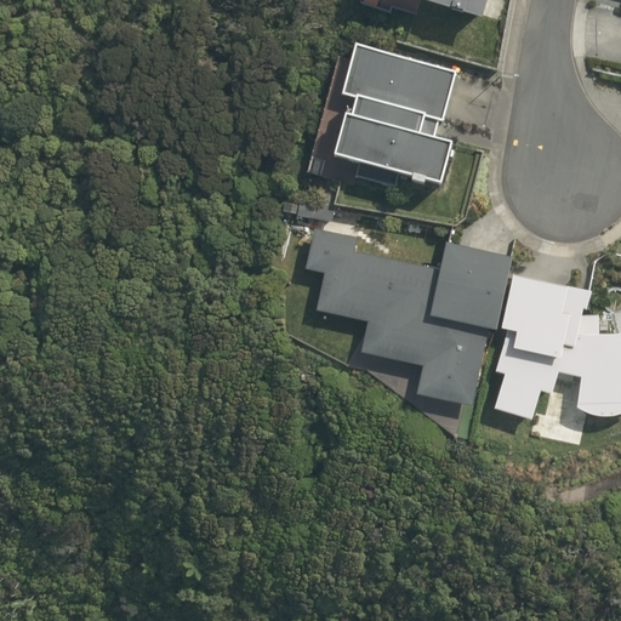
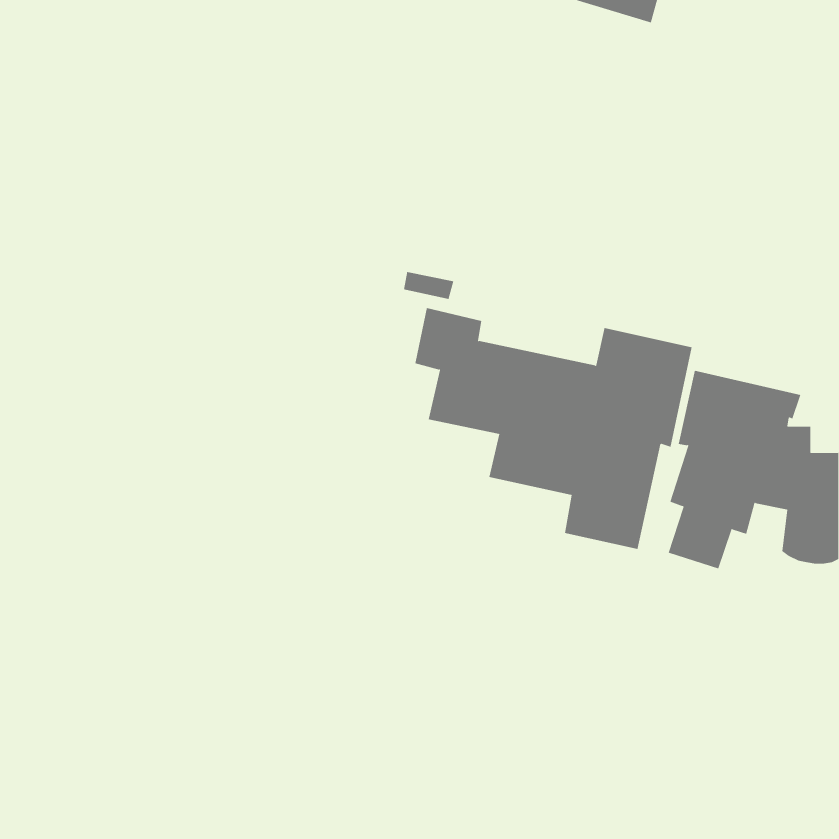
building: [332,42,456,187] -> none

